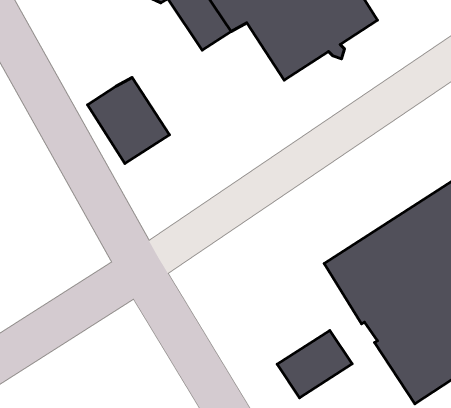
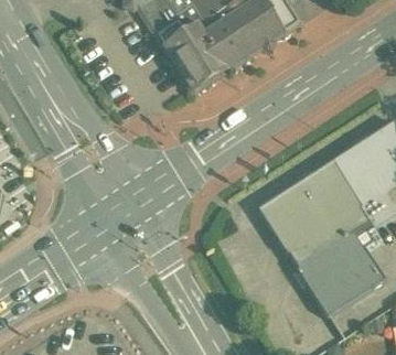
building: [88,78,169,164] -> [163,22,226,88]
building: [277,330,352,398] -> none

